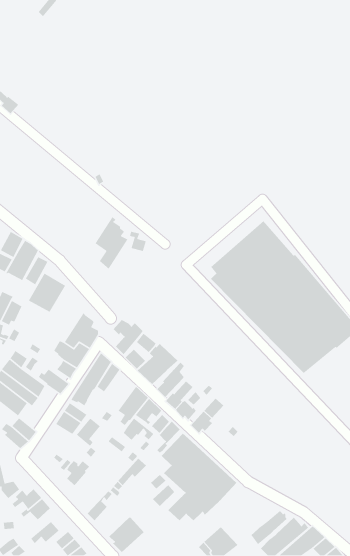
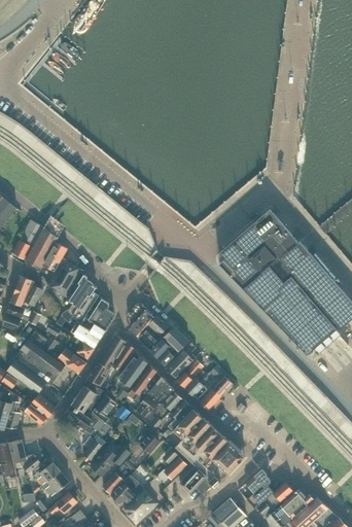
building: [95,216,128,270] -> [67,274,99,324]
building: none -> [116,354,148,387]
building: none -> [63,401,98,433]
building: none -> [89,445,131,477]
building: none -> [245,469,272,508]
building: none -> [110,475,143,503]

